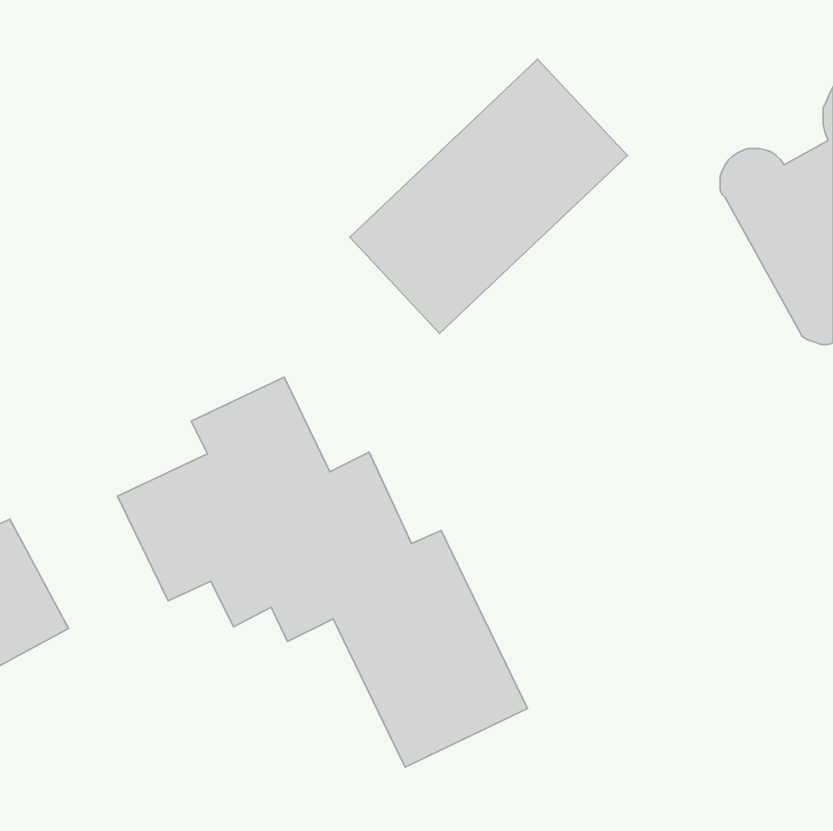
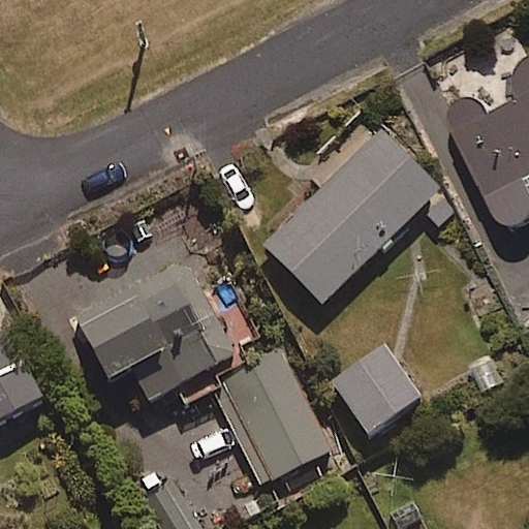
building: [350,59,627,334] -> [264,131,440,305]
building: none -> [332,347,419,435]

